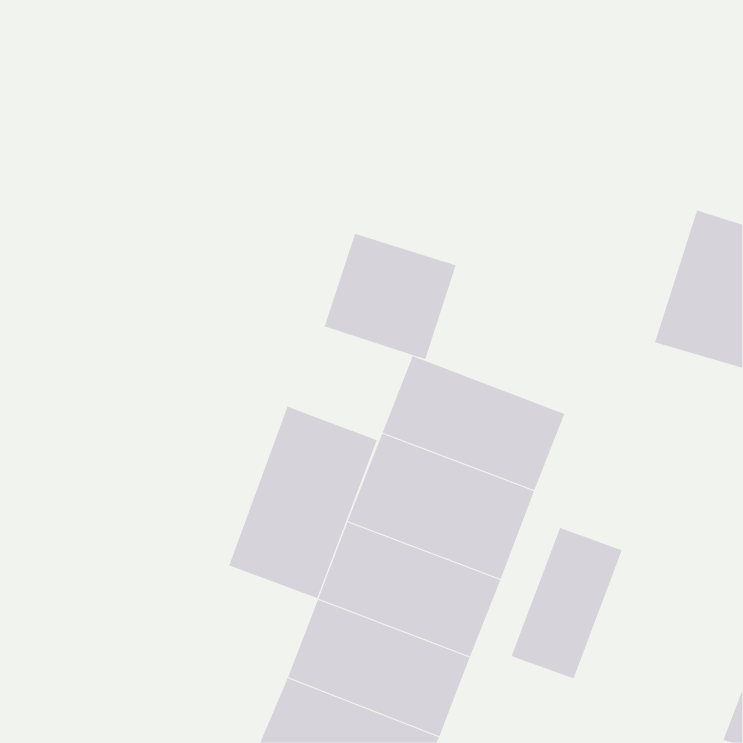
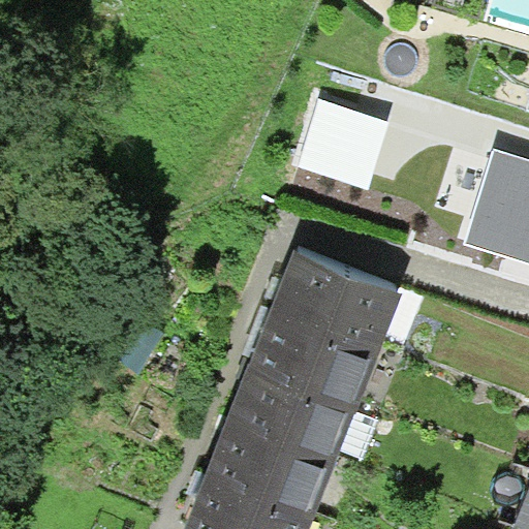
building: [324,233,456,360] -> [297,98,391,188]
building: [228,406,378,599] -> none
building: [511,527,623,679] -> none

